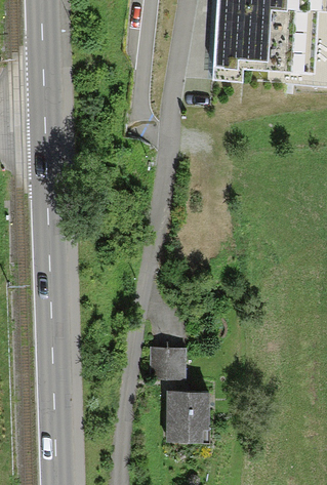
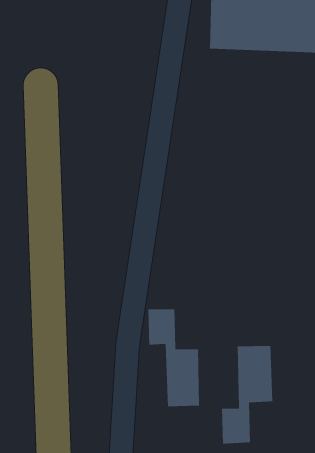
building: none -> [221,345,273,445]

